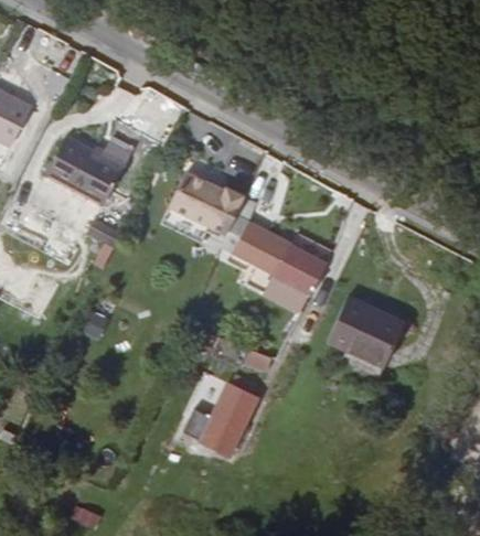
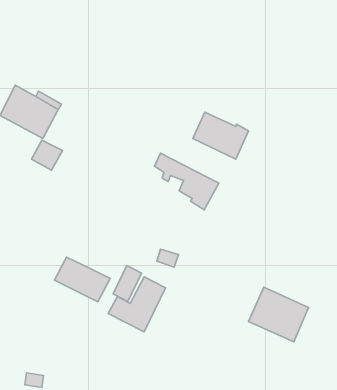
building: [170,174,242,235] -> [193,112,249,159]
building: [327,297,404,367] -> [248,287,308,342]
building: none -> [55,257,110,302]

